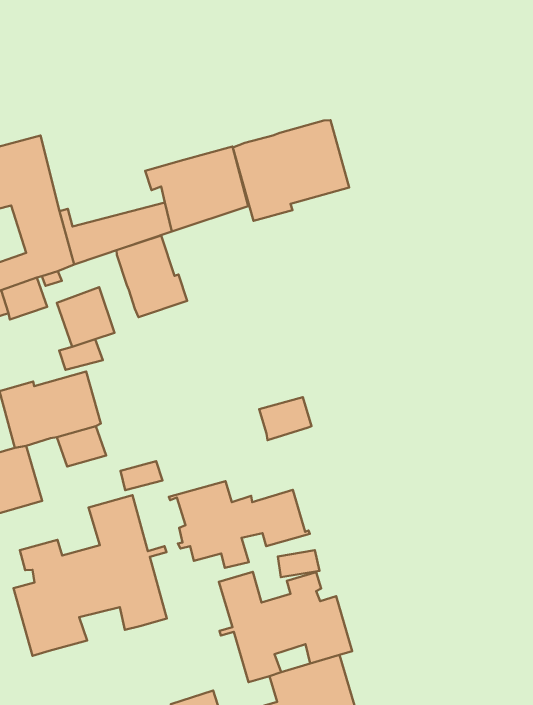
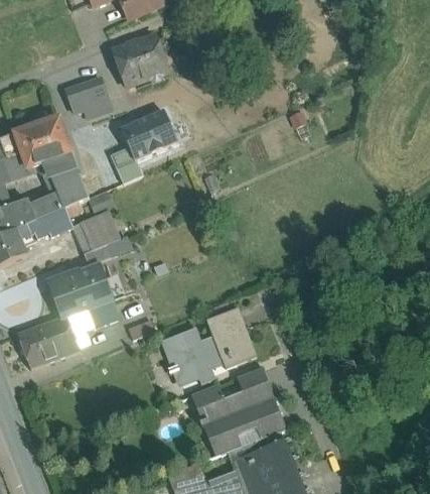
building: none -> [113,36,167,85]
building: none -> [65,77,108,112]
building: [233,120,349,221] -> none
building: [116,235,187,317] -> none
building: [259,397,311,440] -> [206,311,241,340]
building: [13,495,167,656] -> none

